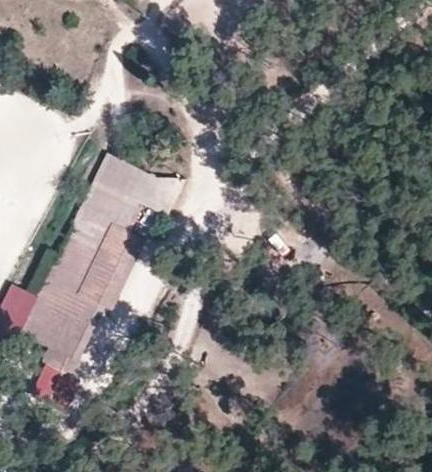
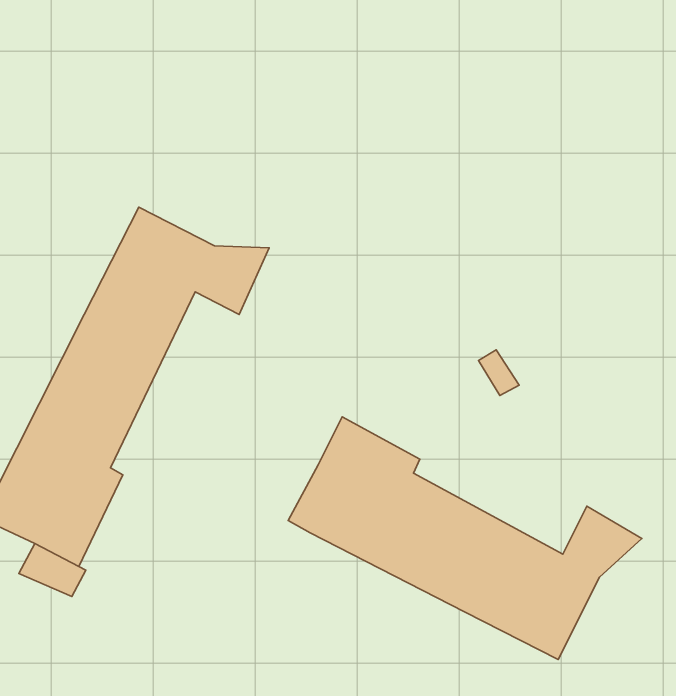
building: none -> [288,417,642,659]

